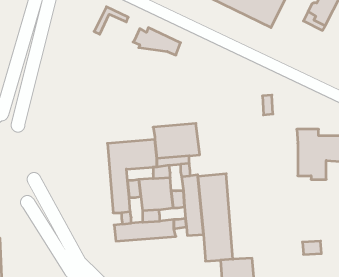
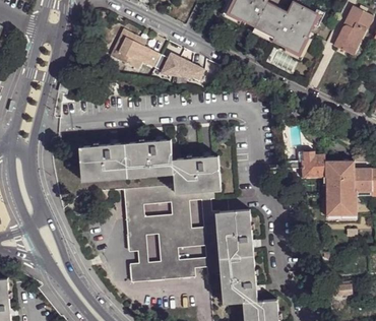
building: none -> [115,39,158,69]
building: none -> [80,139,174,177]
building: none -> [302,151,326,178]

